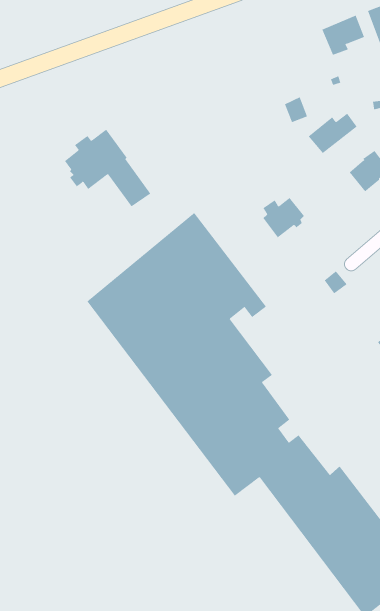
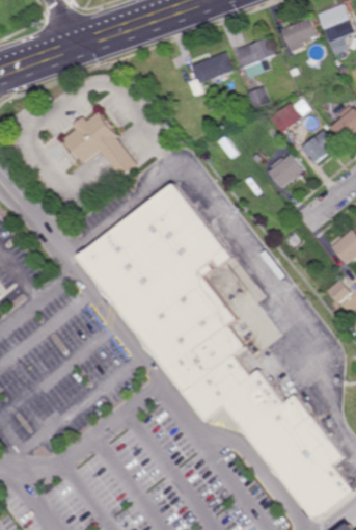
building: none -> [234,37,274,79]
building: none -> [190,52,231,83]
building: [263,197,305,238] -> [269,155,304,189]

